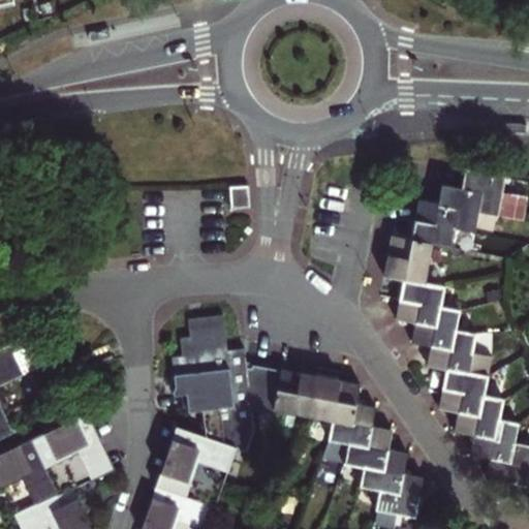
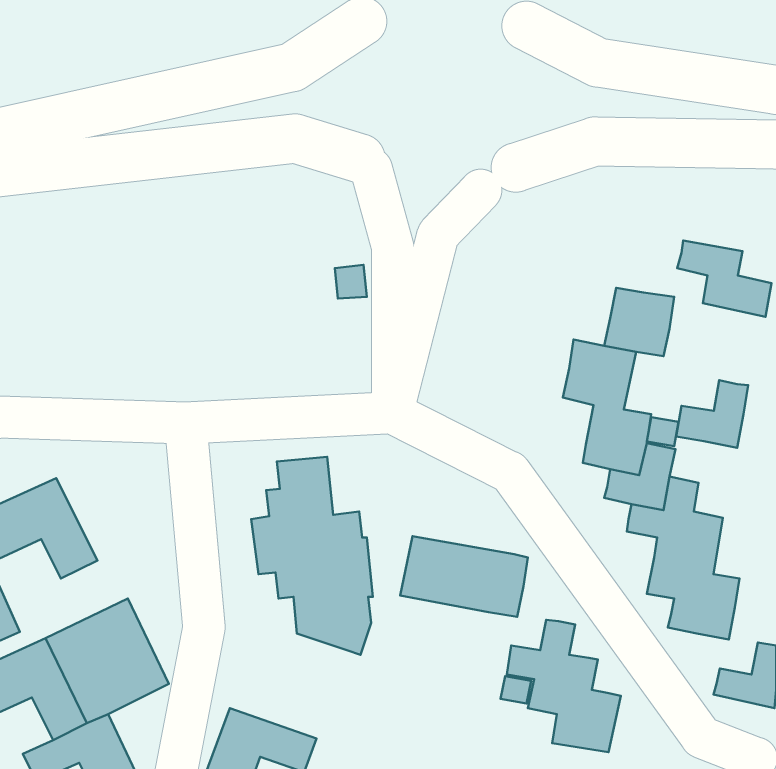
building: [437,185,480,232] -> none
building: none -> [676,380,748,448]
building: [249,368,280,411] -> none
building: [328,404,375,447] -> none
building: [470,418,519,464] -> none
building: [156,428,236,507] -> none

